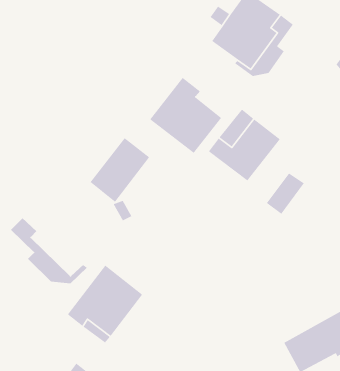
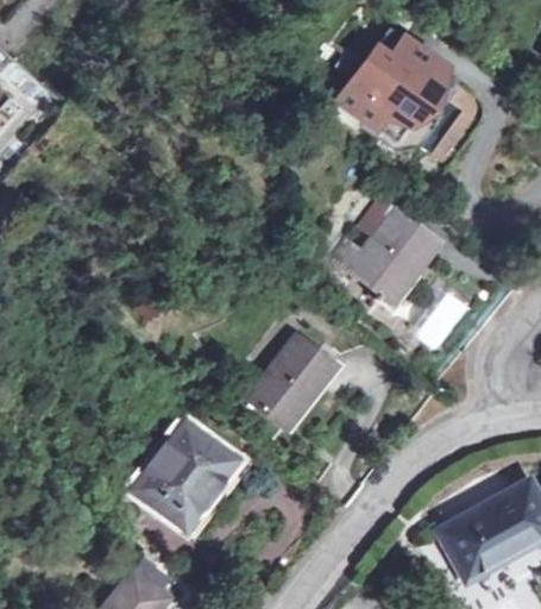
building: [149,77,222,154] -> none
building: [90,137,150,203] -> [247,334,334,428]
building: [10,217,88,284] -> none

